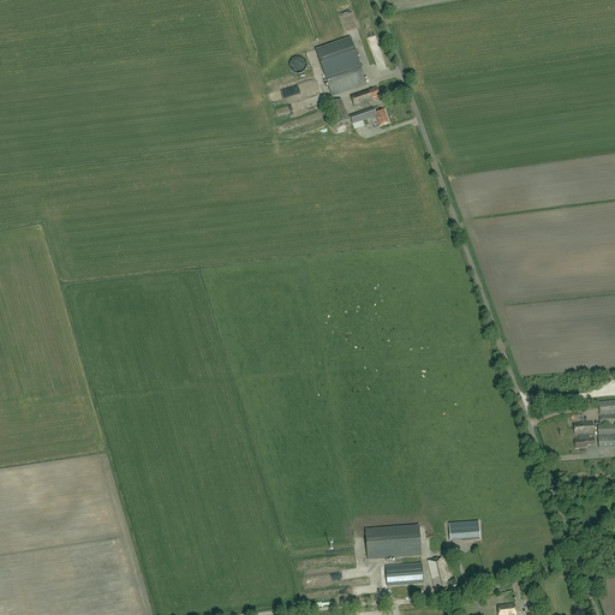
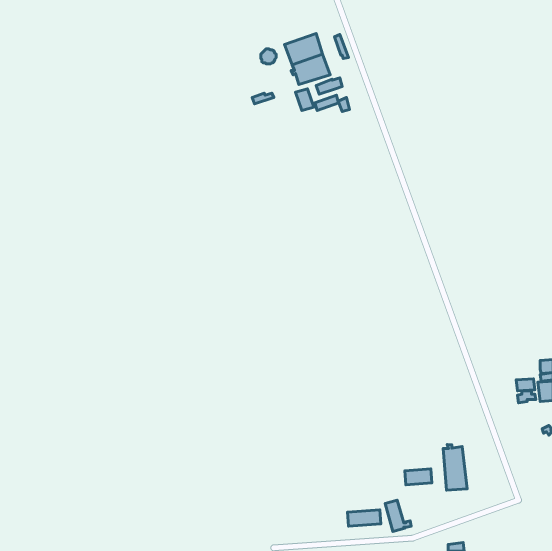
building: none -> [443,445,467,490]
building: [366,525,422,557] -> none

